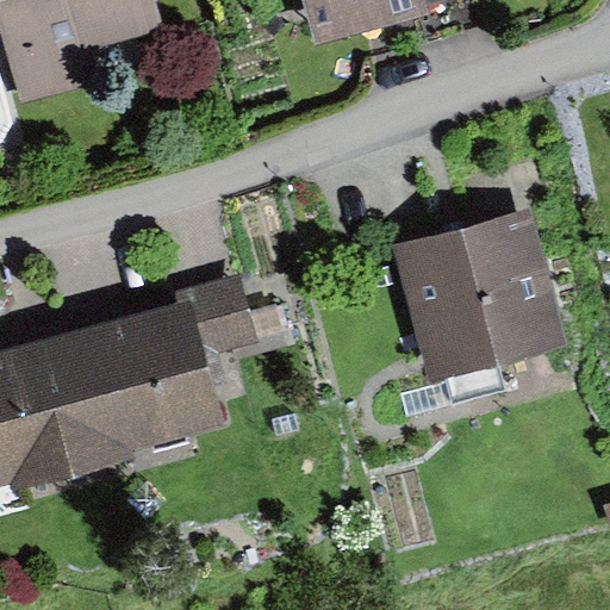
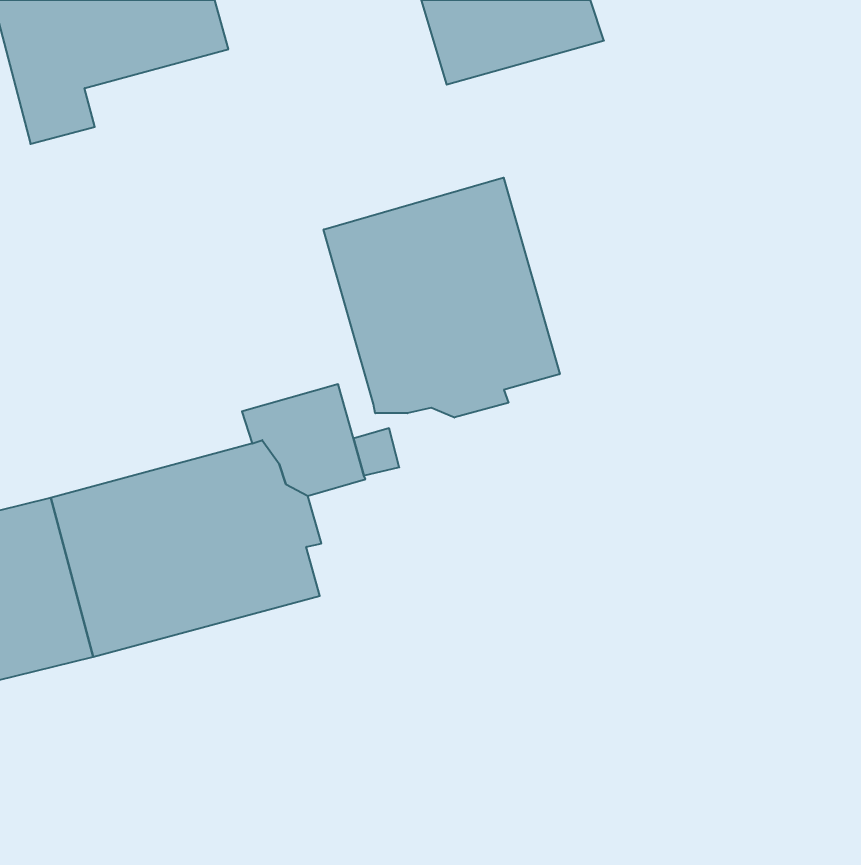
building: none -> [324,178,560,418]
building: [392,205,565,374] -> none

